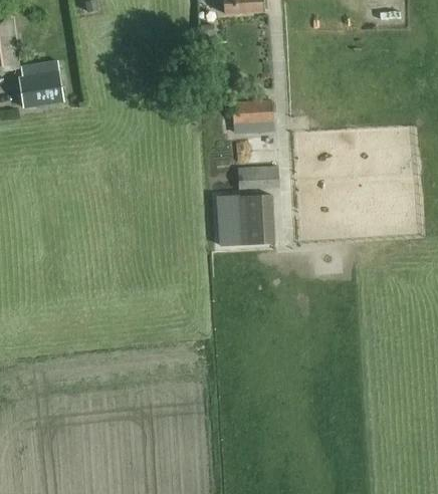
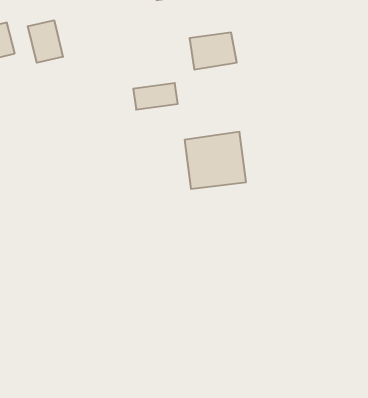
building: none -> [28,20,63,63]
building: [237,165,278,187] -> [133,83,178,110]

